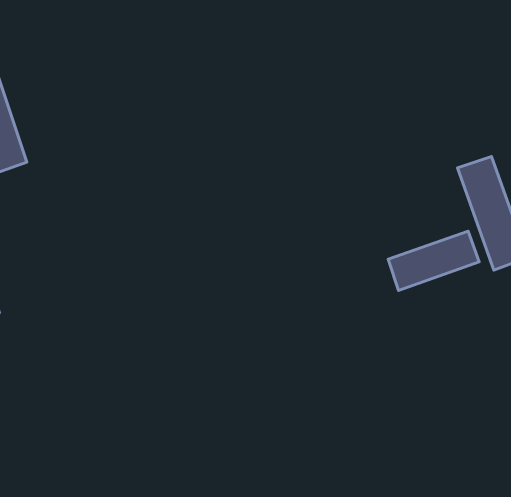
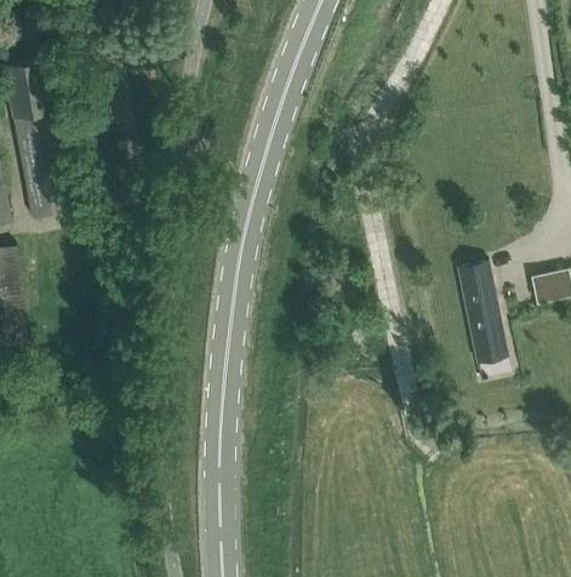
building: [388,231,479,291] -> none

